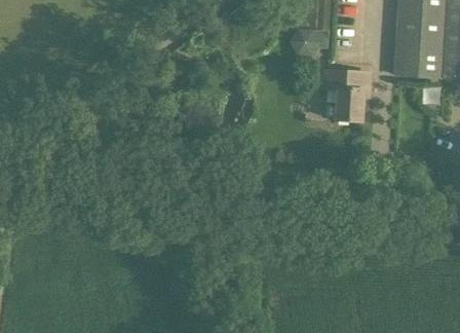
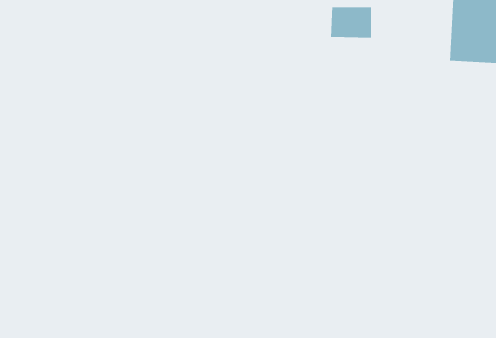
building: [321,69,365,121] -> none

